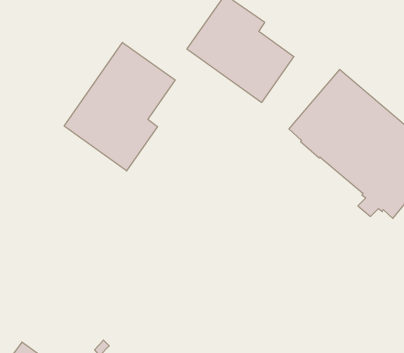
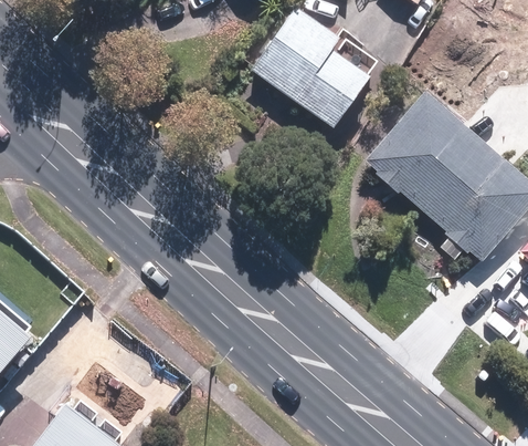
building: [64,42,175,171] -> none

